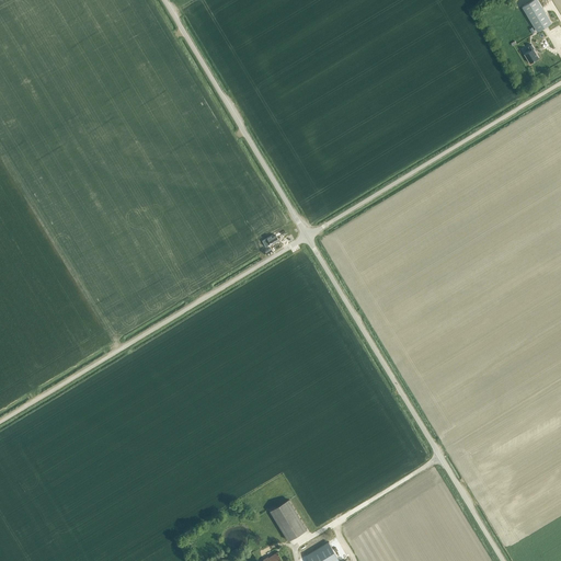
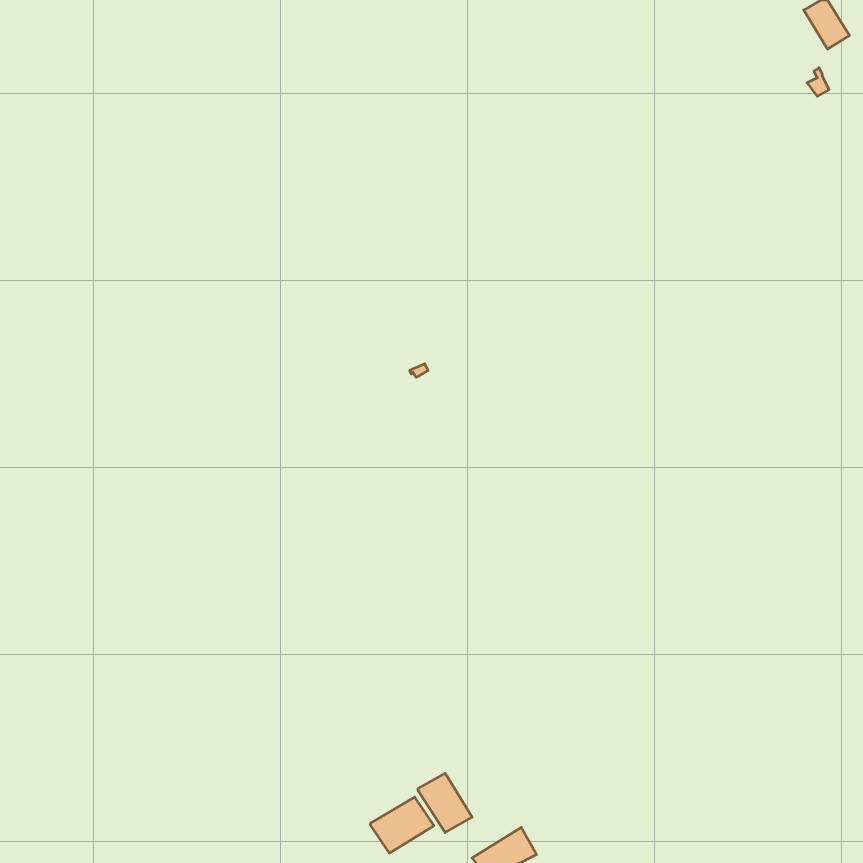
building: none -> [370,797,434,853]

